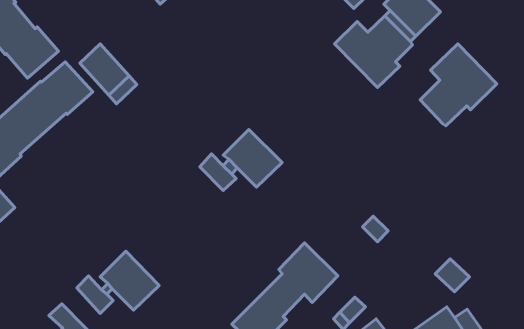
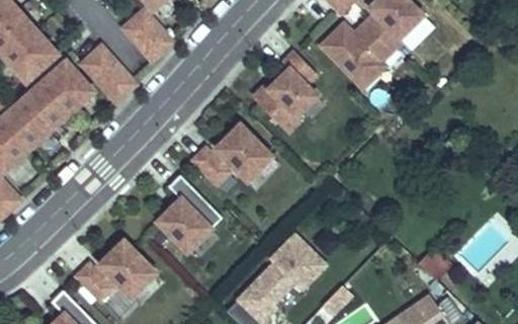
building: none -> [122,8,172,60]
building: [420,44,497,126] -> none
building: none -> [252,50,316,131]
building: none -> [159,175,223,251]

